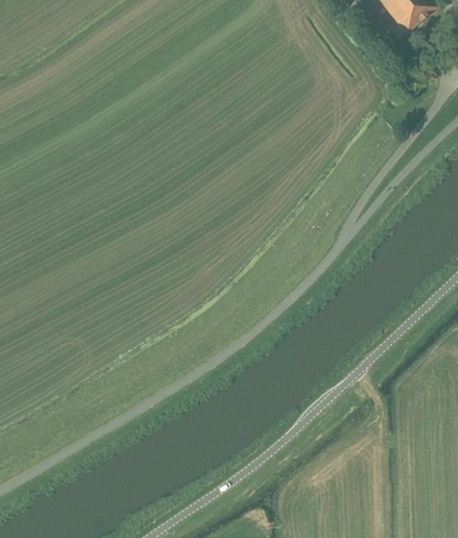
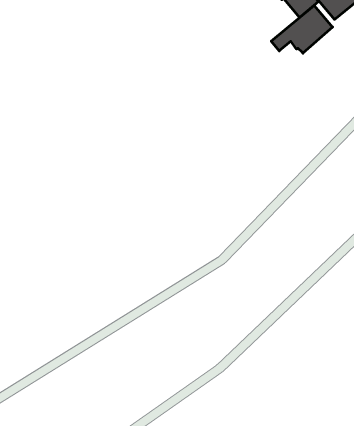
building: none -> [271,5,333,53]

